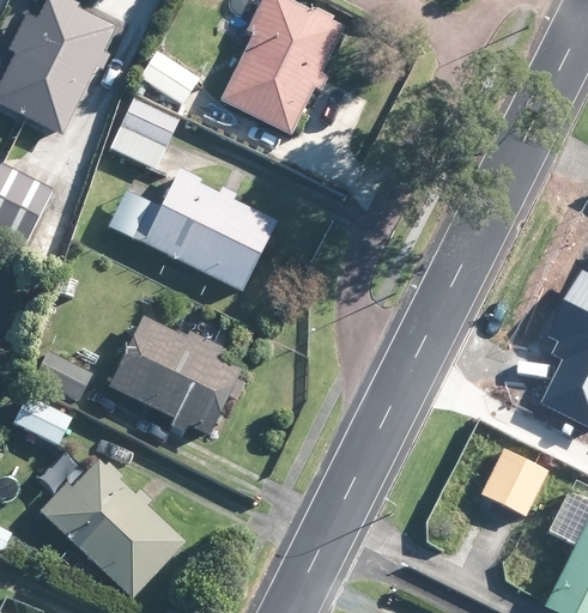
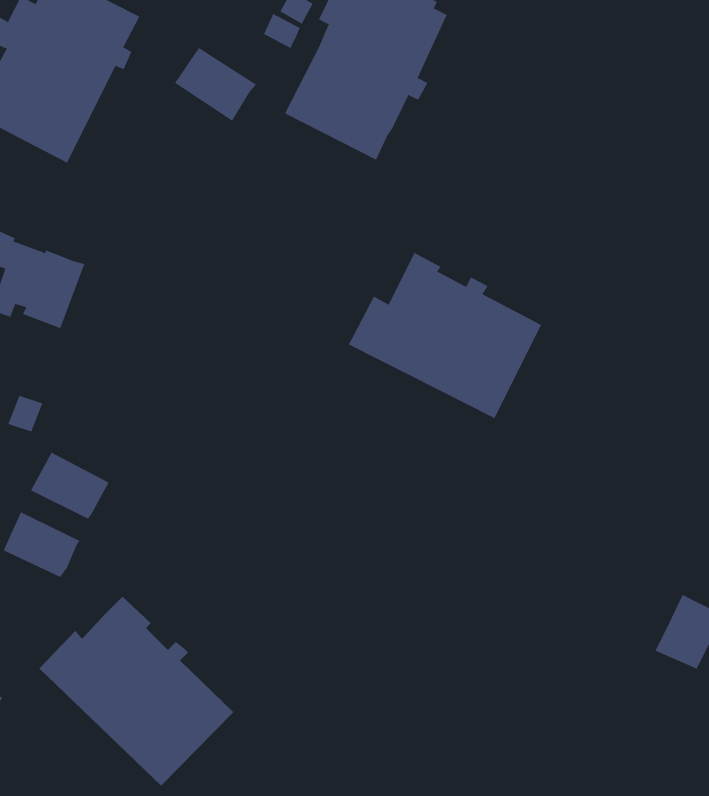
building: [110,99,176,168] -> none
building: [131,168,274,291] -> [348,252,542,419]
building: [109,315,242,433] -> none

